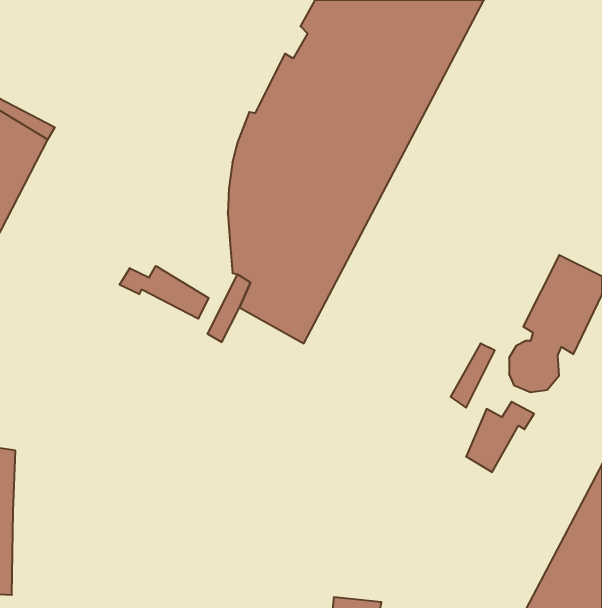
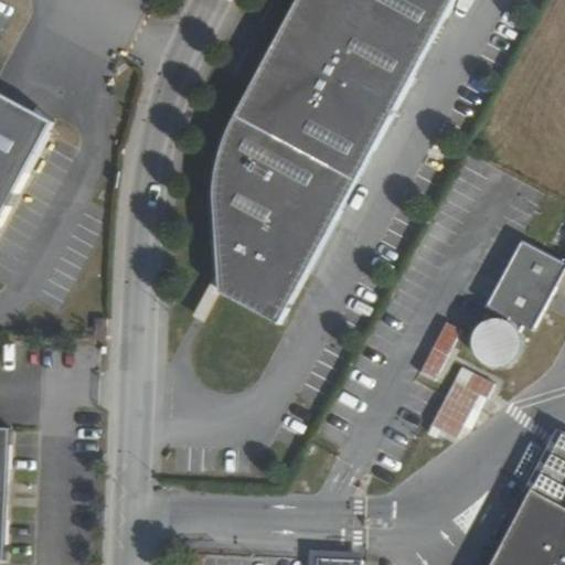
building: [120,266,209,319] -> none

